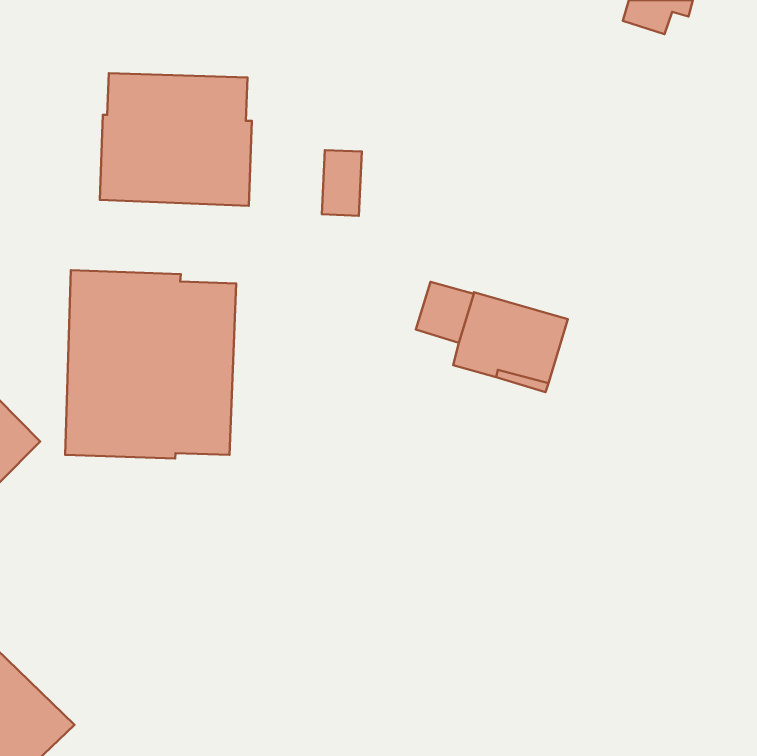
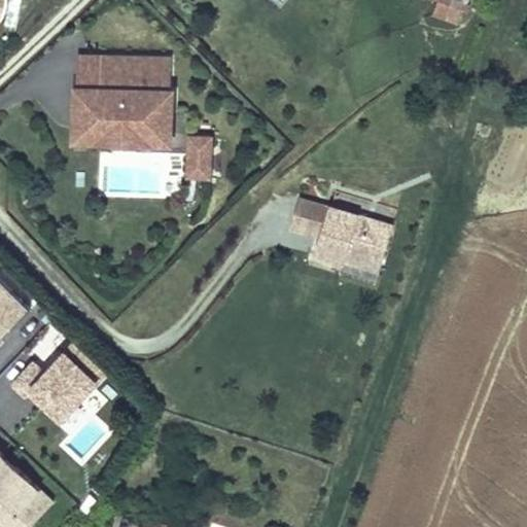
building: [322,150,362,216] -> [184,136,212,181]
building: [65,270,236,459] -> none
building: none -> [9,349,99,425]

